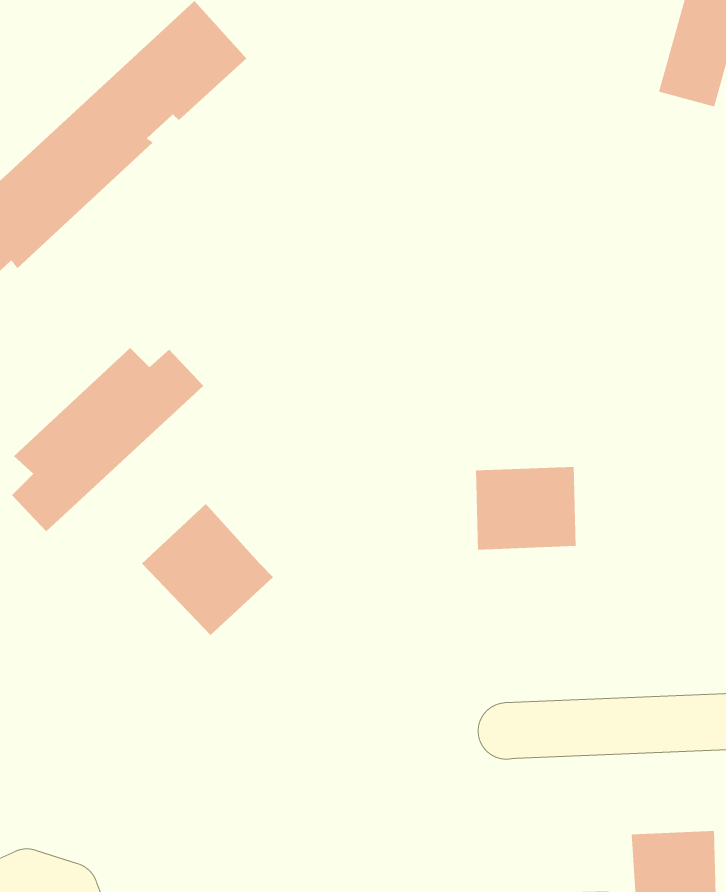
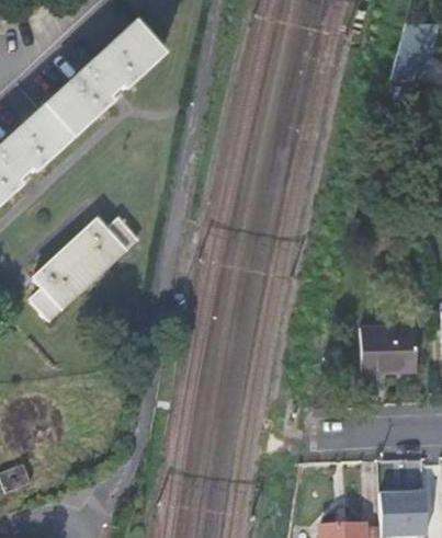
building: [475,466,577,550] -> [360,323,417,370]
building: [141,503,274,636] -> none

